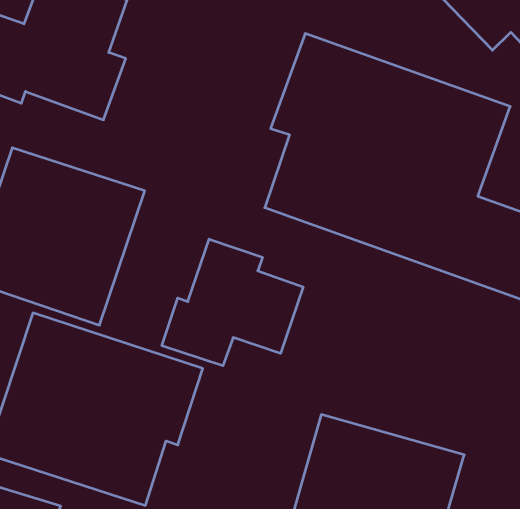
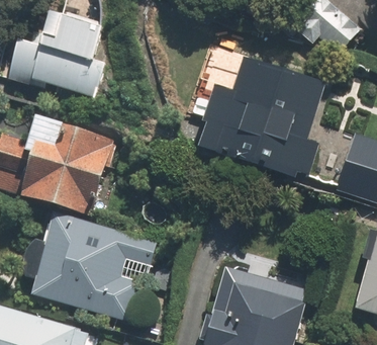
building: [162,239,303,366] -> none

